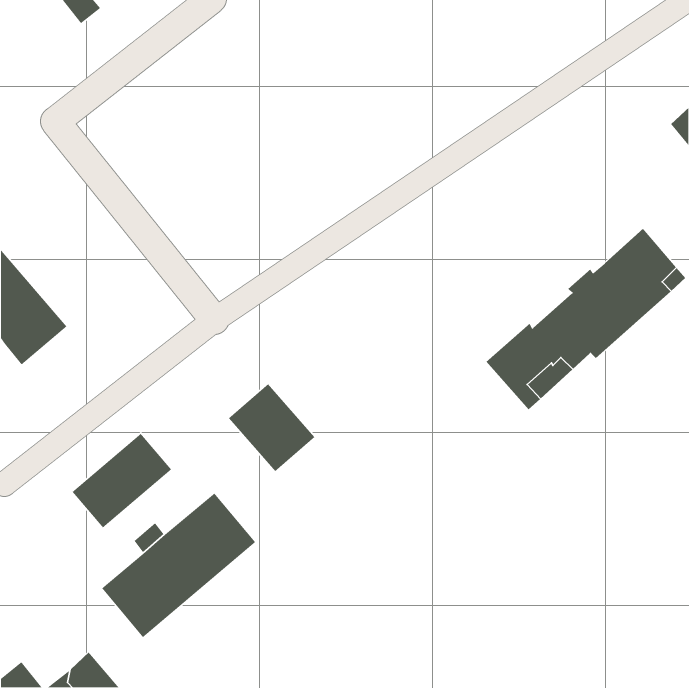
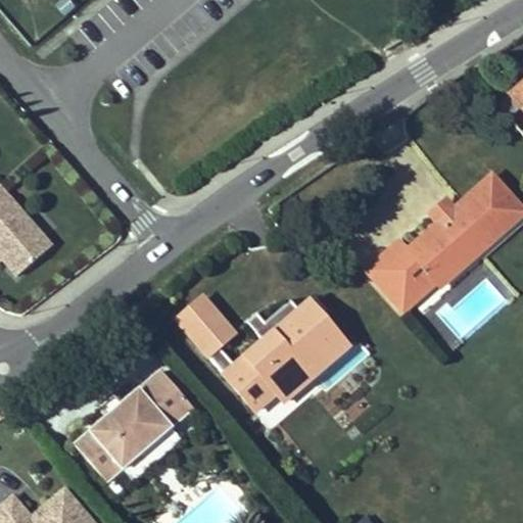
building: none -> [220,289,353,413]
building: [71,433,172,528] -> none

